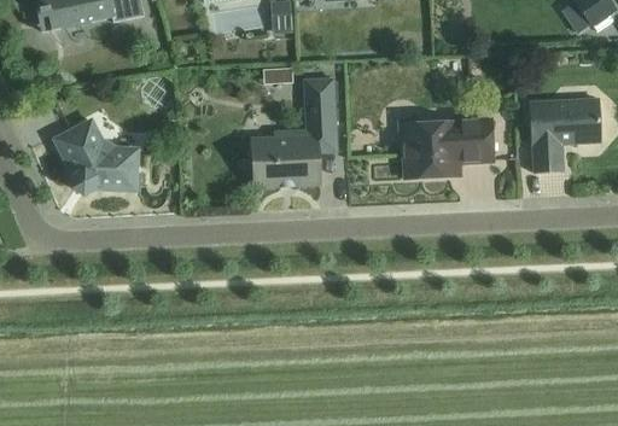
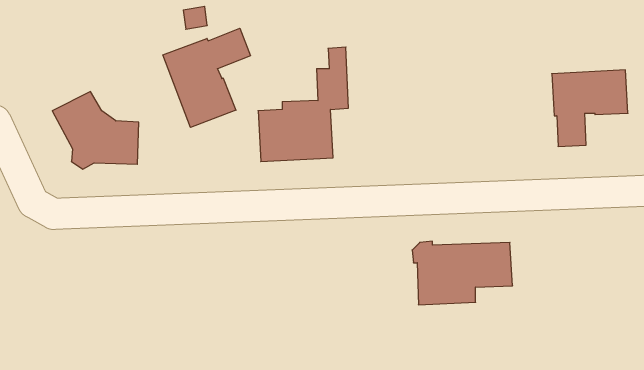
building: none -> [163,28,250,127]
building: [398,118,494,179] -> [412,241,513,305]

